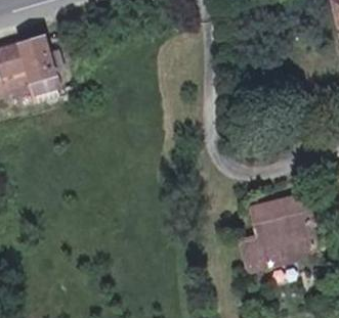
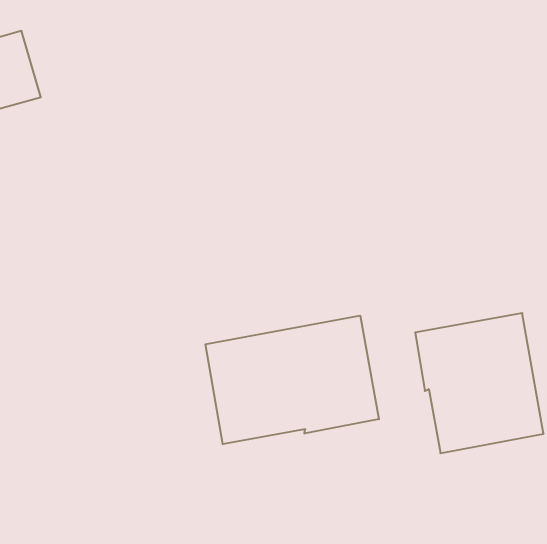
building: none -> [205,316,379,444]

